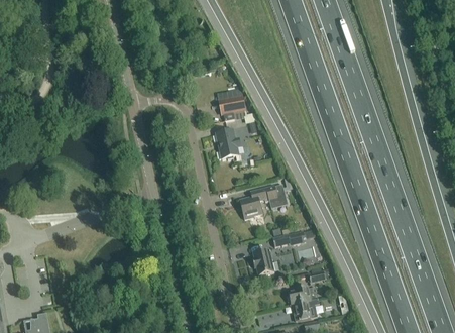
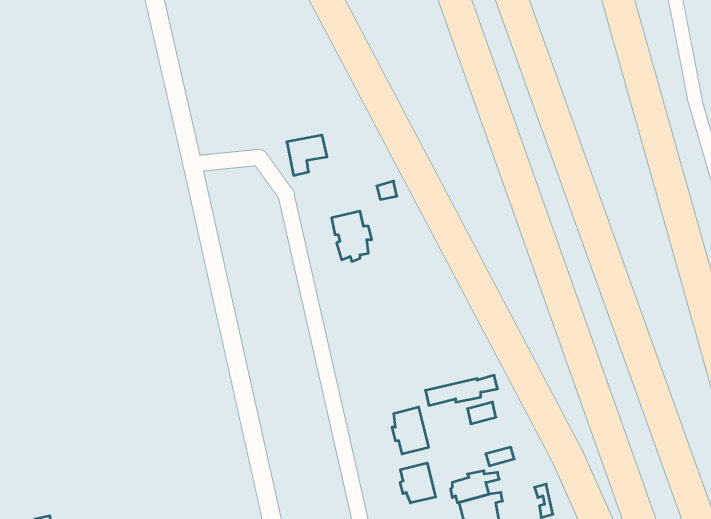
building: [220,97,244,121] -> [287,135,327,175]
building: [238,185,287,219] -> none
building: none -> [400,463,436,503]

